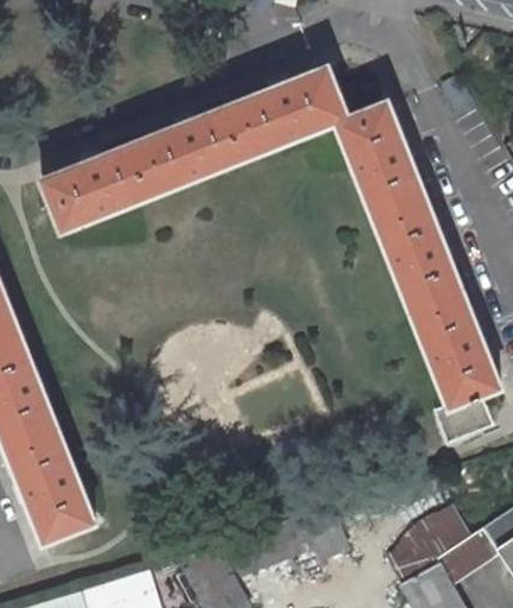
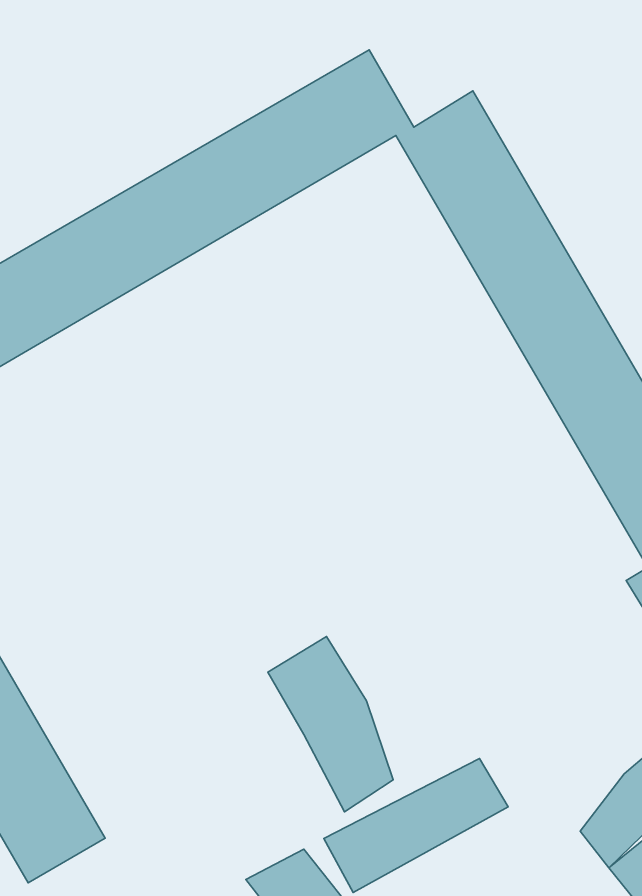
building: none -> [268,637,393,812]

